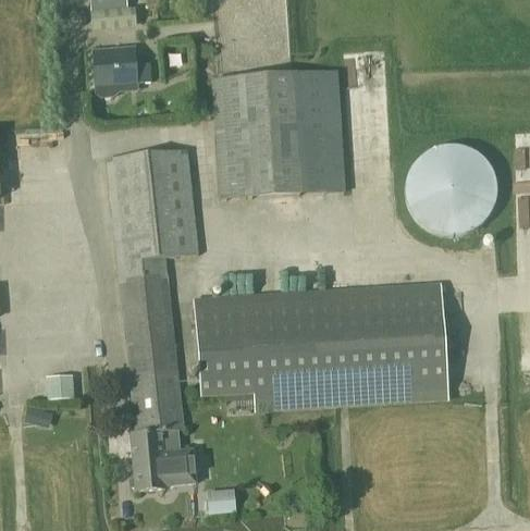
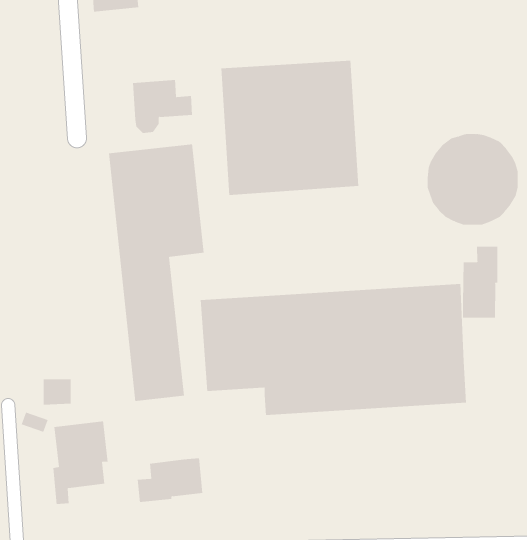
building: [94,47,151,98] -> [132,80,193,133]
building: none -> [462,246,498,319]
building: [131,390,184,469] -> [52,421,109,505]
building: [201,489,233,513] -> none

